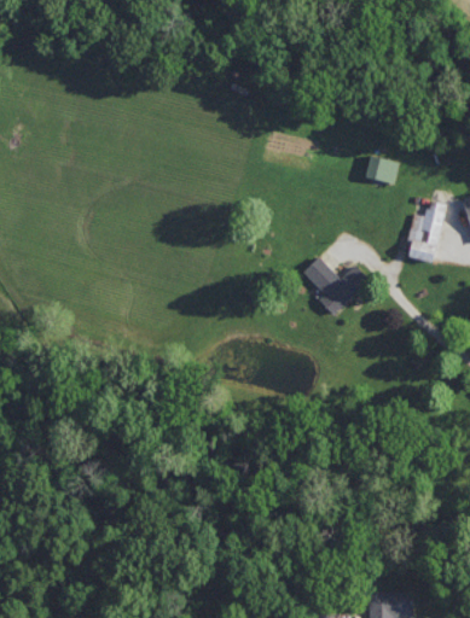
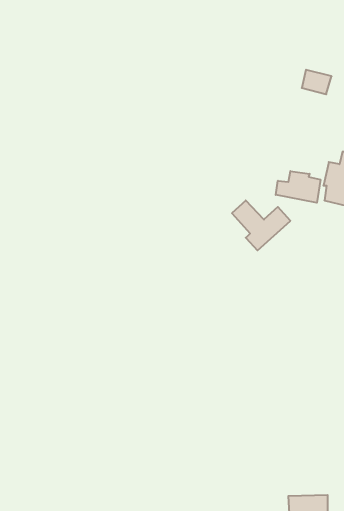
building: [366,156,400,183] -> [302,70,332,94]
building: none -> [276,171,320,203]

